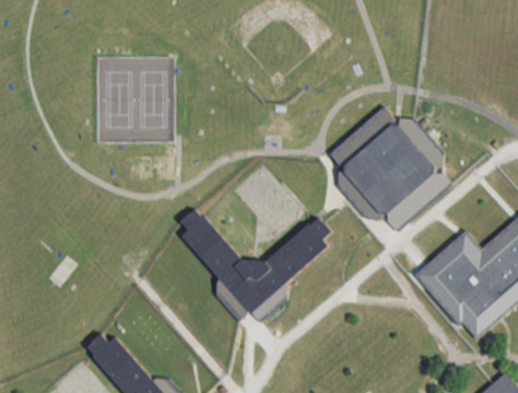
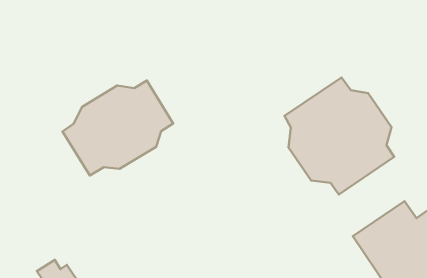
building: none -> [63,81,173,175]
building: [180,205,333,321] -> none

